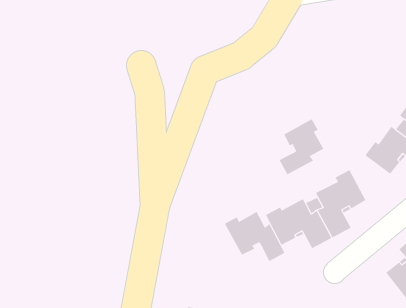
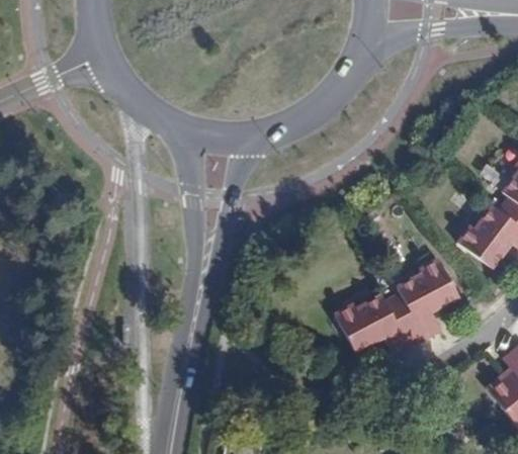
building: [279,118,324,175] -> none
building: [224,211,285,262] -> none

